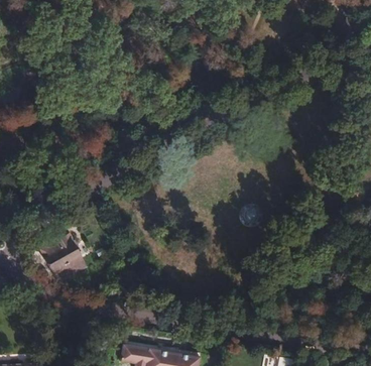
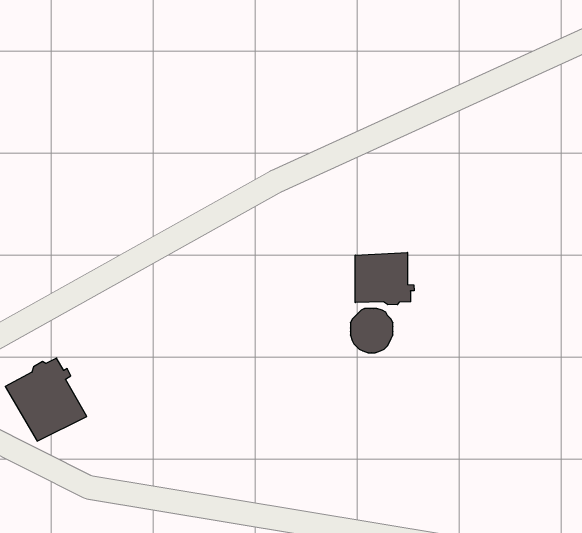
building: none -> [355,252,414,305]

